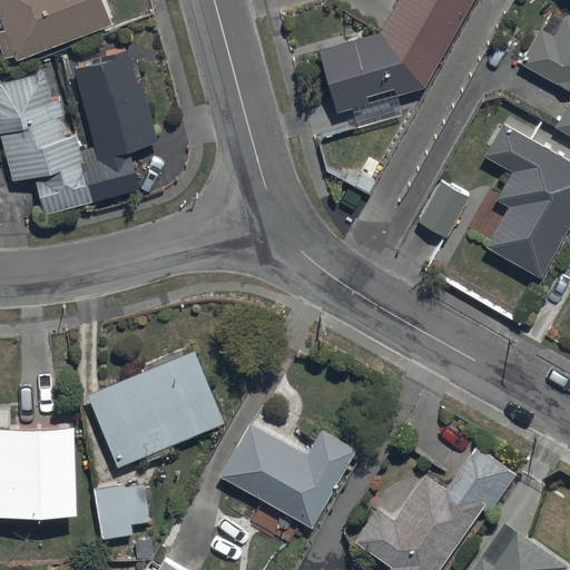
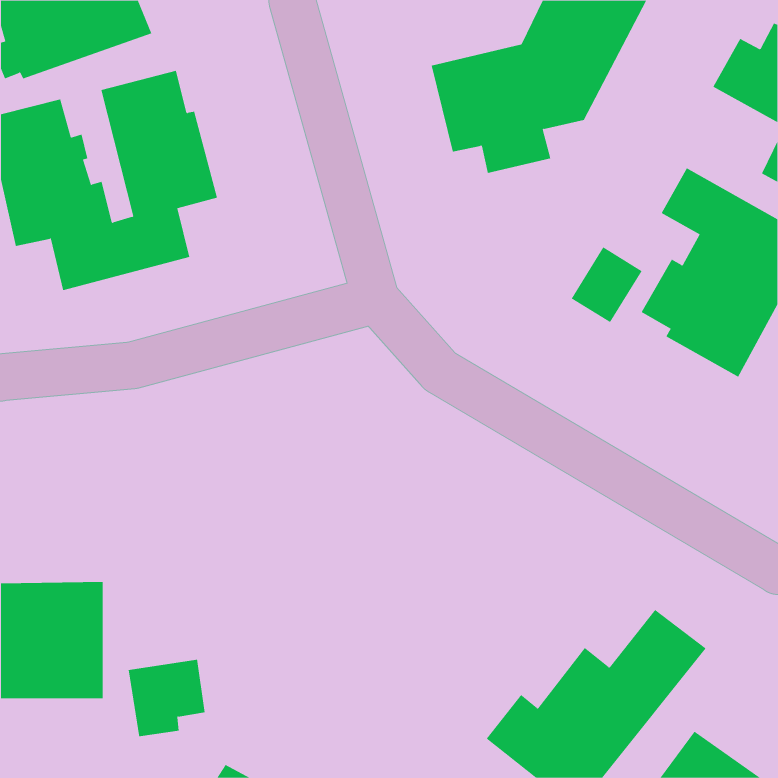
building: [86,350,224,466] -> none
building: [217,423,354,527] -> none

